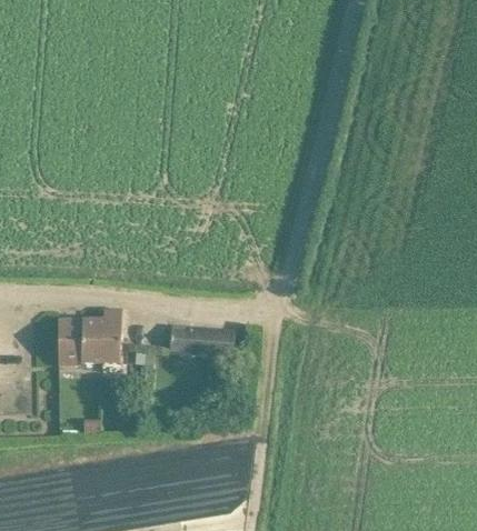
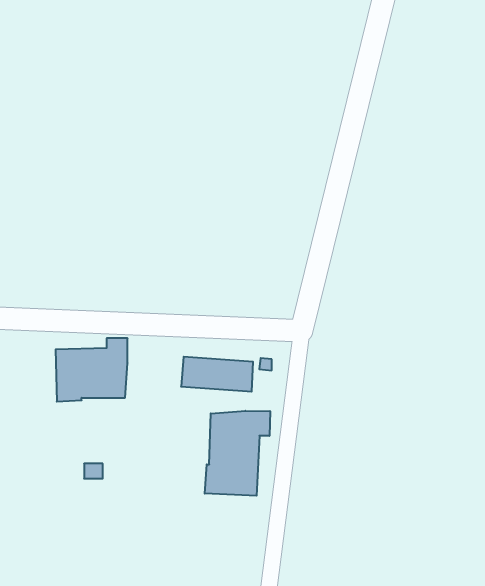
building: none -> [205,411,270,496]

